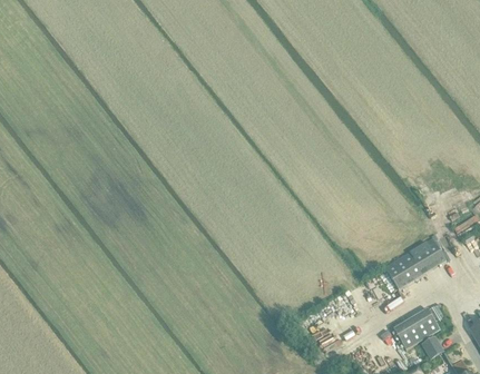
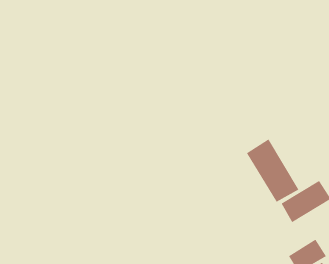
building: none -> [246,139,299,202]

